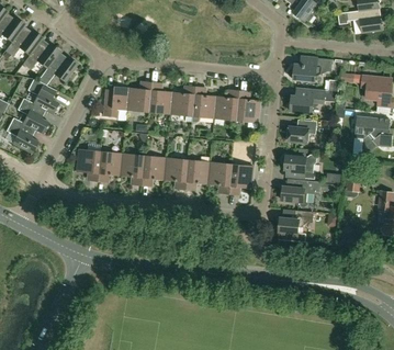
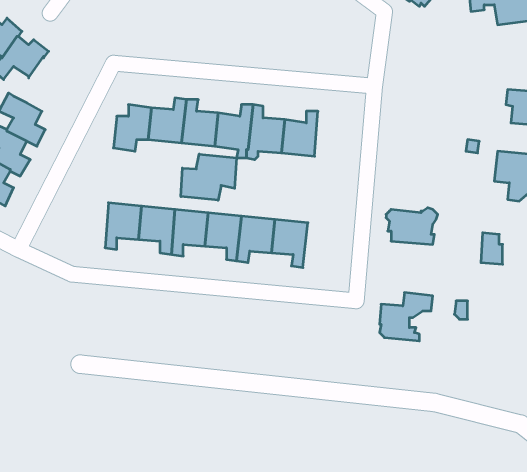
building: [37,54,78,84] -> none
building: [291,56,333,82] -> none
building: [288,89,338,113] -> none
building: [236,90,260,122] -> none
building: none -> [181,154,237,200]
building: [286,118,317,143] -> none
building: [76,148,100,180] -> none
building: [228,163,254,194] -> none
building: [282,179,320,206] -> none

